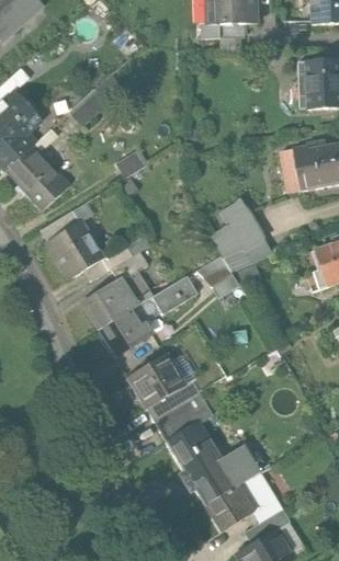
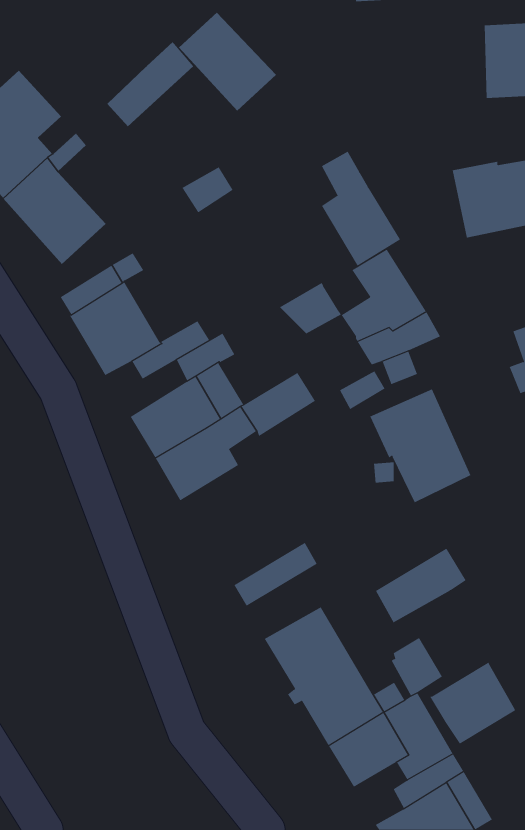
building: none -> [178,12,277,111]
building: none -> [321,151,401,267]
building: [194,254,233,286] -> [279,282,342,334]
building: none -> [369,388,471,503]
building: [126,351,184,405] -> none
building: [154,392,210,438] -> [375,548,466,623]
building: none -> [430,662,517,744]

